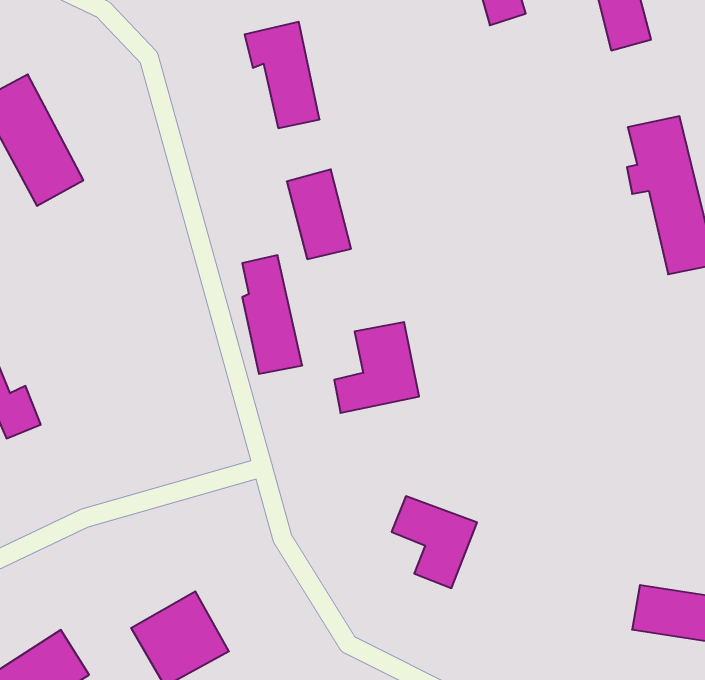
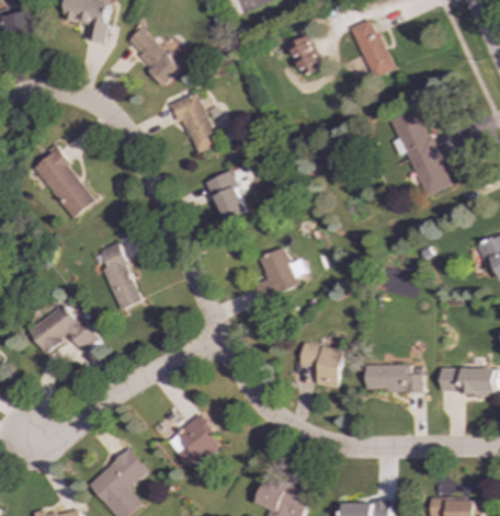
building: [242,255,302,374] -> [100,242,143,309]
building: none -> [365,364,422,391]

